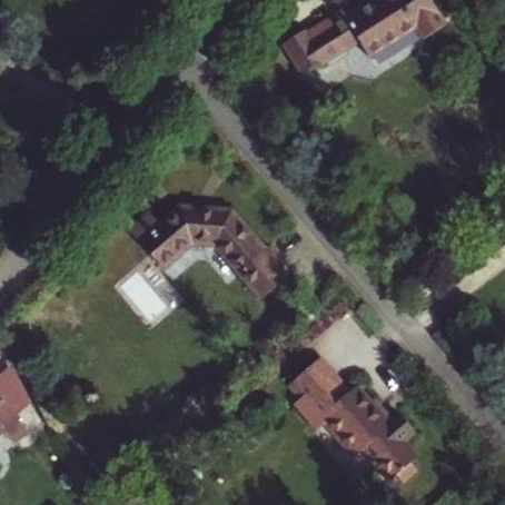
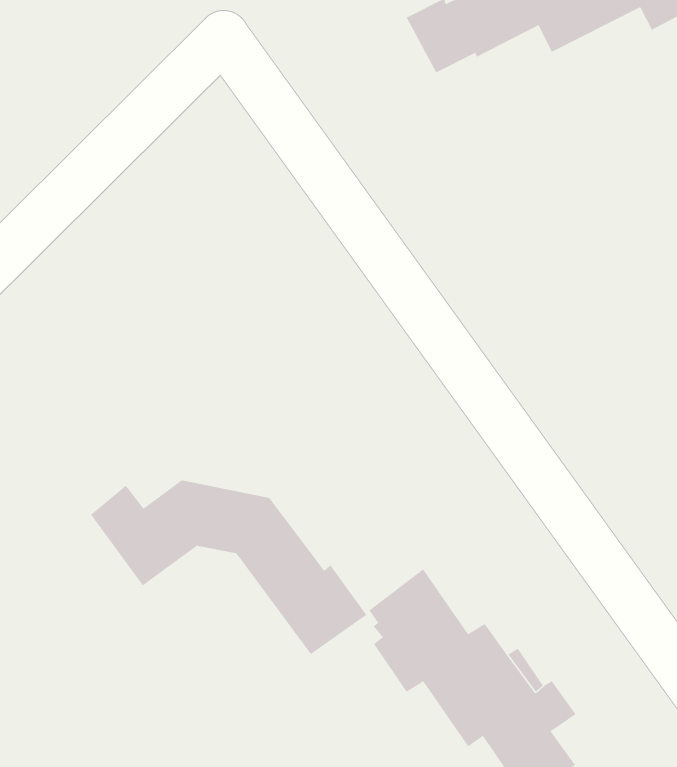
building: [129,207,291,299] -> [90,480,367,655]

